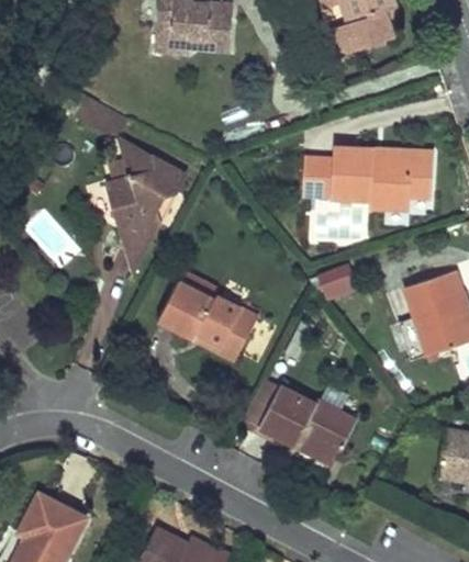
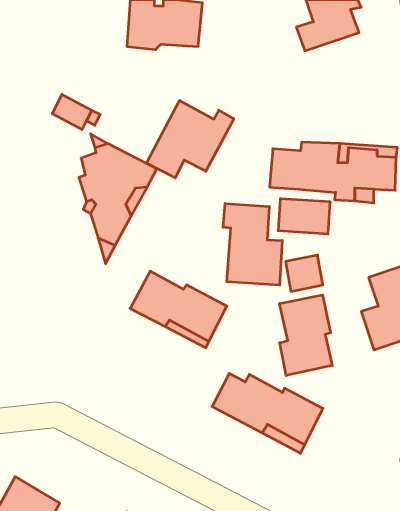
building: none -> [147,100,234,178]
building: none -> [223,203,282,285]
building: none -> [280,295,332,376]

